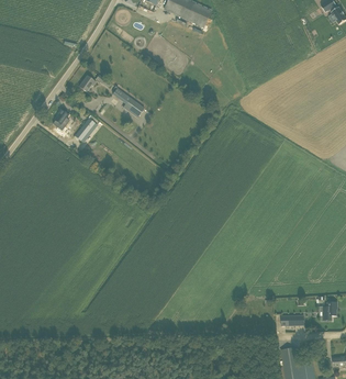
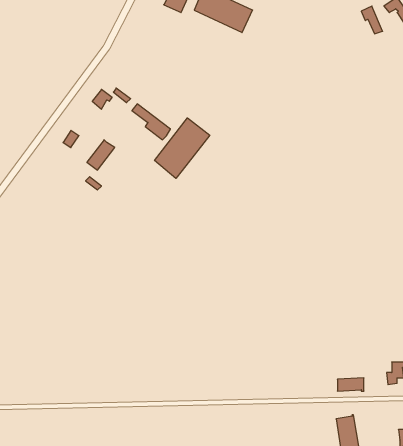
building: none -> [155,118,210,178]

